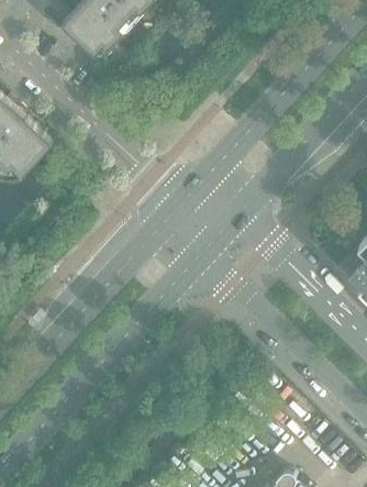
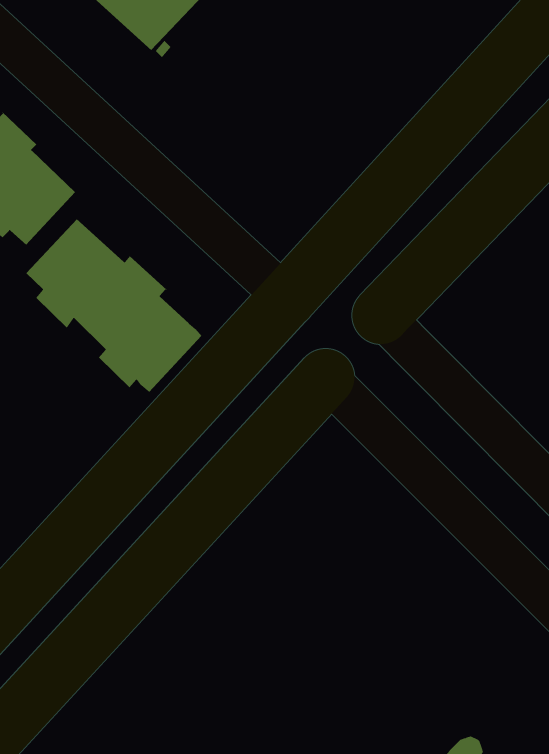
building: none -> [26,218,202,393]

